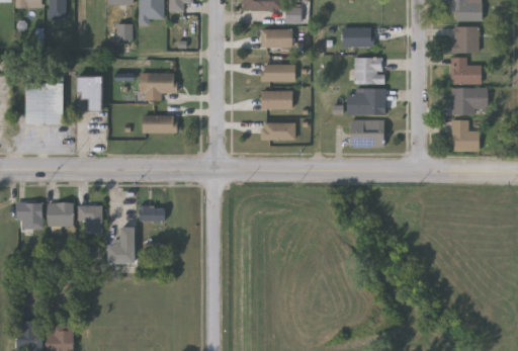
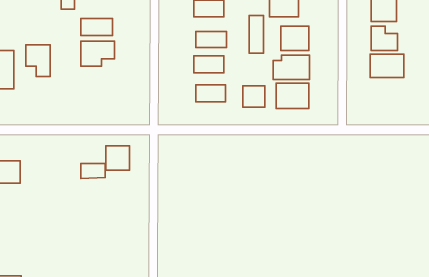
building: none -> [249,15,264,53]
building: [141,116,175,135] -> [81,19,112,35]
building: [452,121,479,152] -> none
building: none -> [243,86,265,107]
building: none -> [106,146,129,170]
building: [78,206,101,235] -> none
building: [107,229,134,264] -> none

